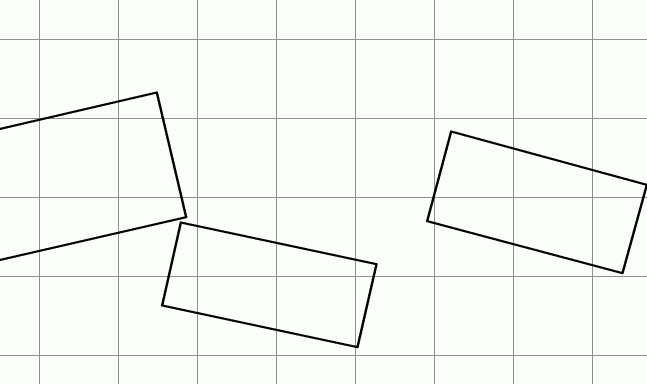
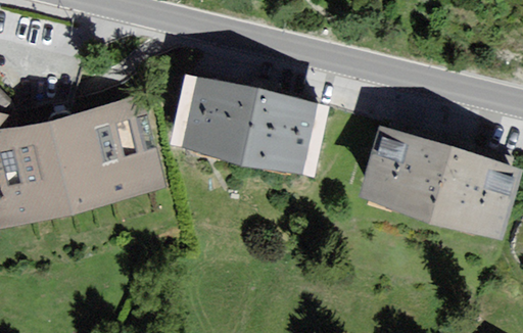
building: [162,223,376,347] -> [159,75,323,170]

